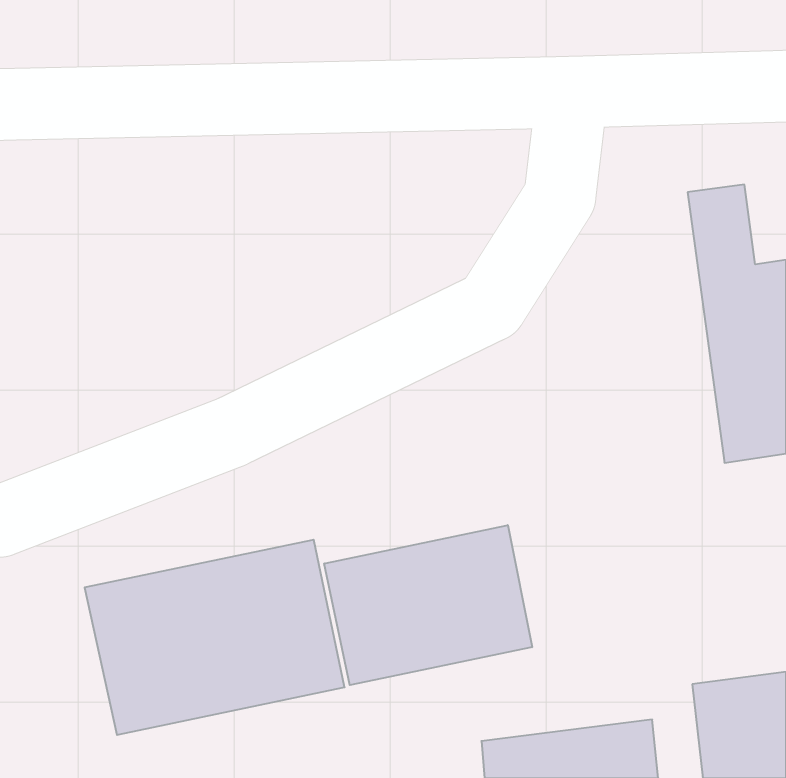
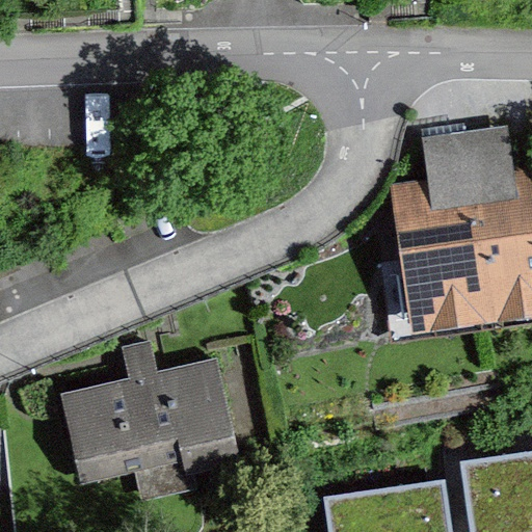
building: none -> [398,130,489,322]
building: [324,525,532,685] -> none

